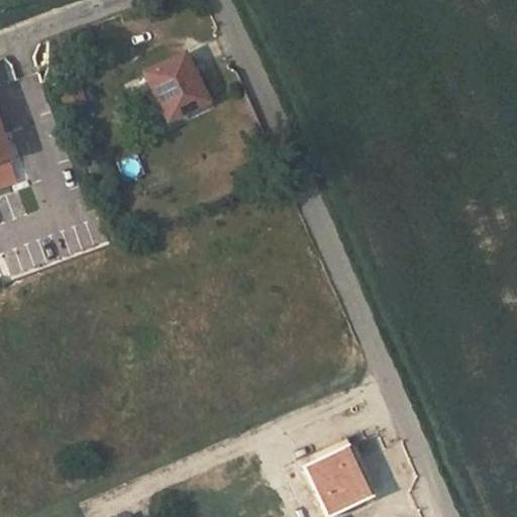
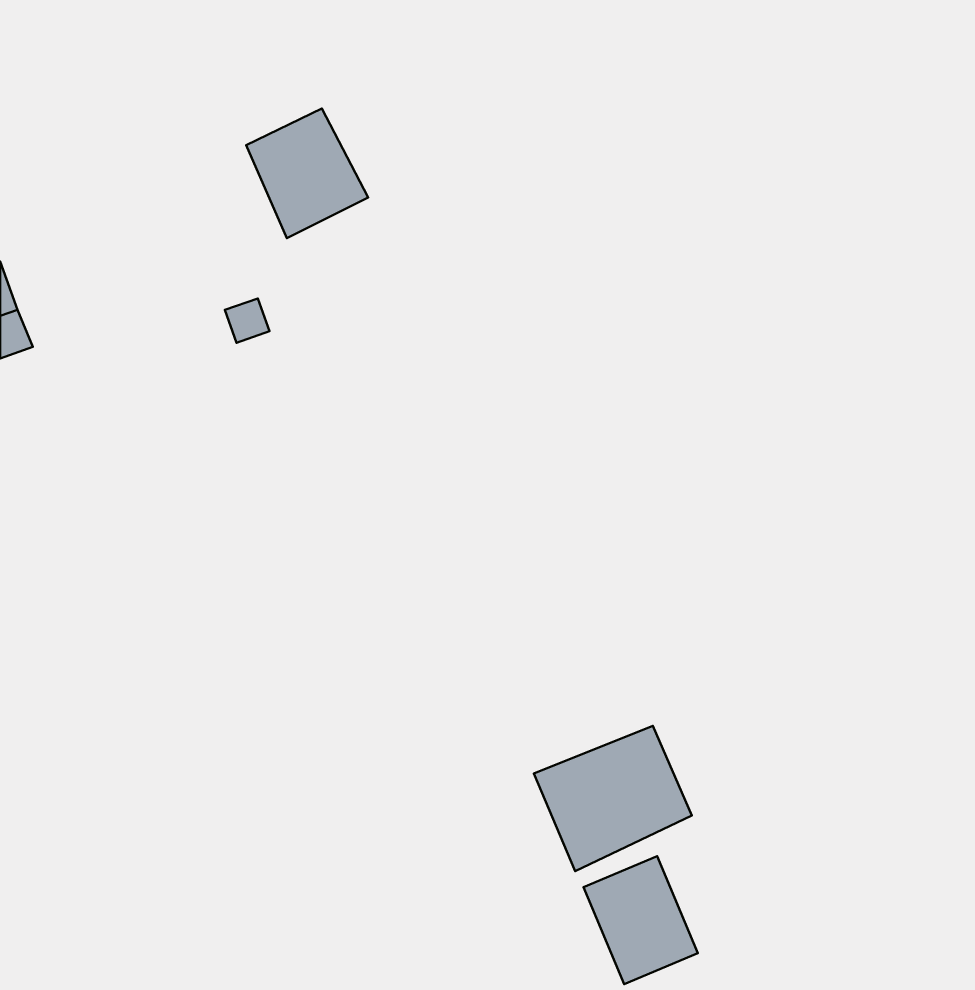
building: none -> [534,726,692,871]

